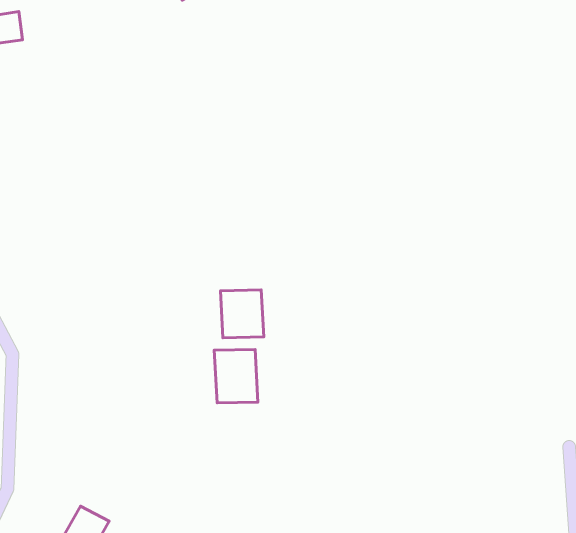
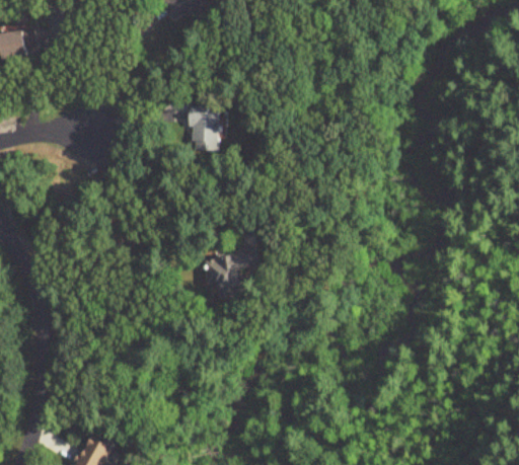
building: none -> [188,108,216,149]
building: [214,349,258,403] -> none

